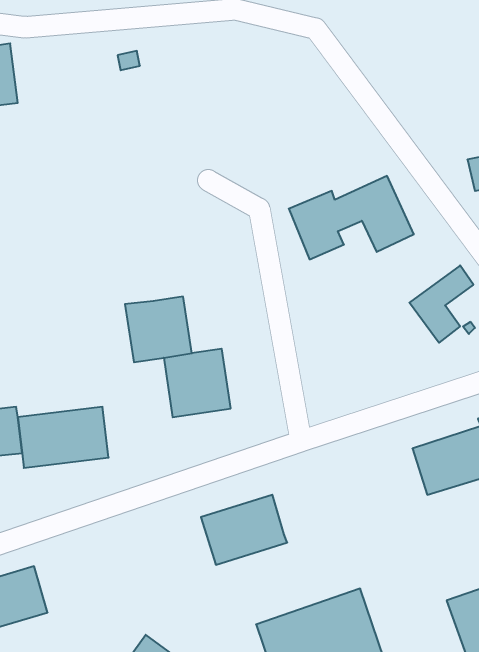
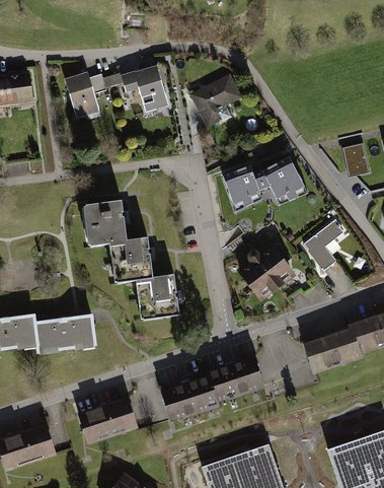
building: none -> [121,65,169,112]
building: none -> [66,72,101,120]
building: none -> [187,74,243,129]
building: none -> [82,202,129,250]
building: none -> [237,242,299,303]
building: none -> [209,356,265,403]
building: none -> [78,399,139,444]

